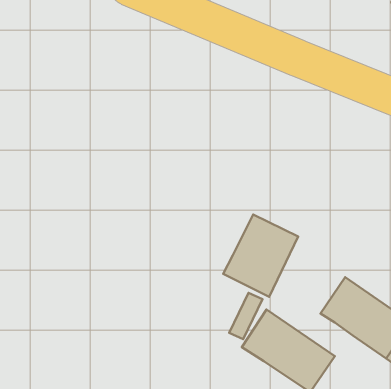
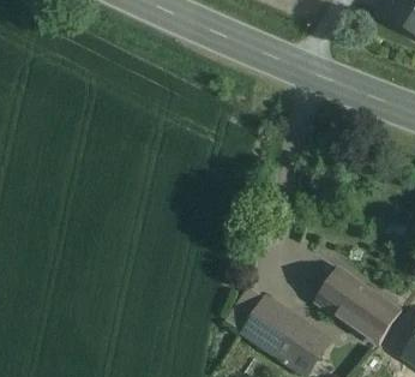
building: [223,215,298,297] -> none

